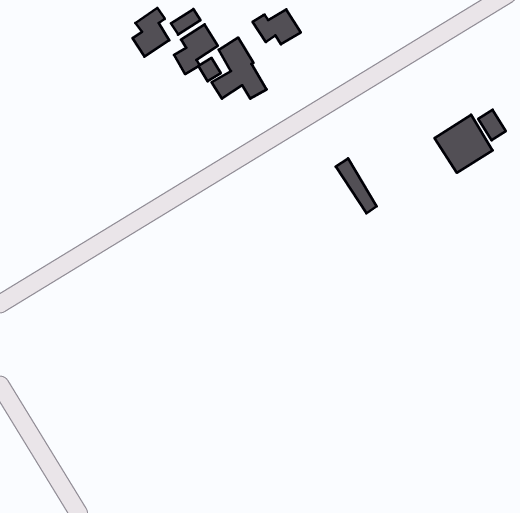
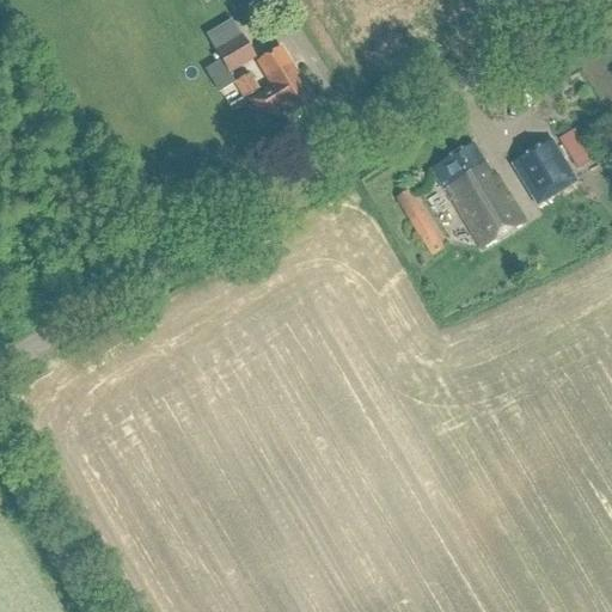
building: [133,8,169,57] -> none
building: [253,9,301,44] -> none
building: none -> [430,140,525,245]

